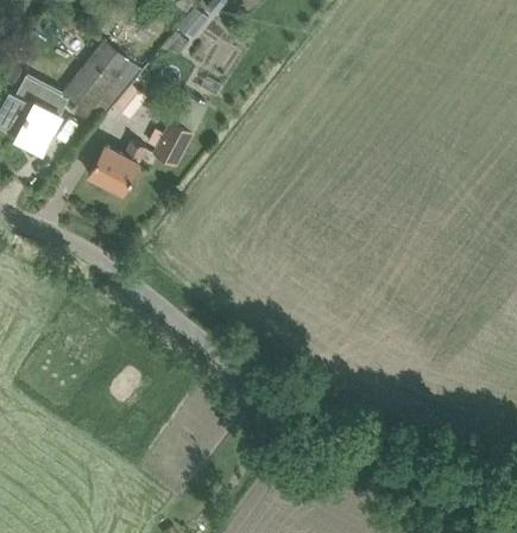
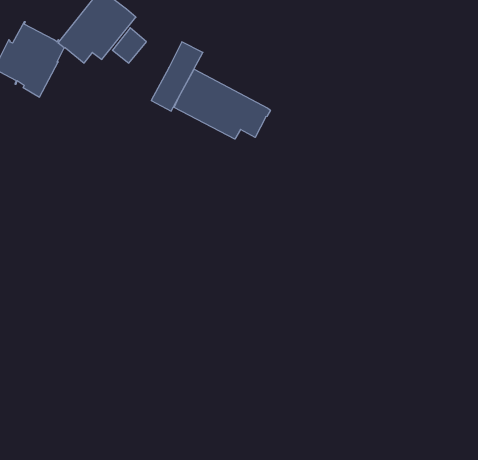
building: none -> [174,69,270,139]
building: [88,141,145,193] -> none

